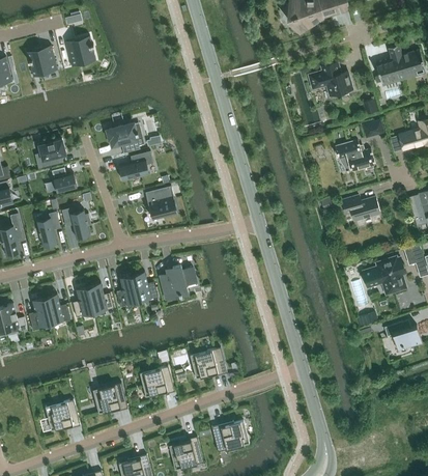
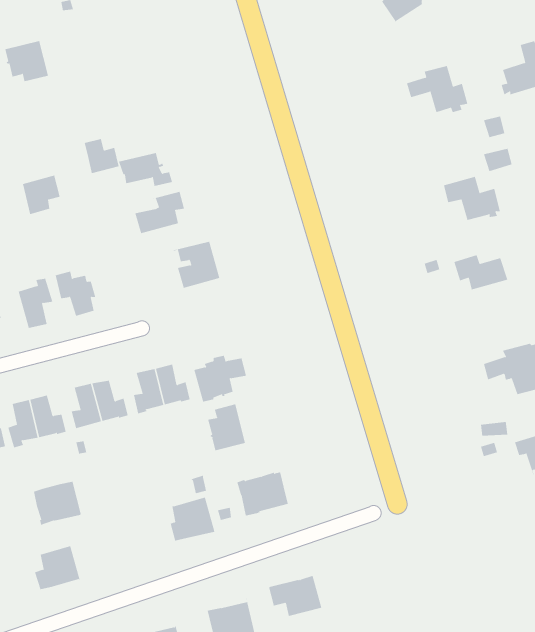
building: [64,36,95,67] -> none
building: [51,168,76,193] -> [84,138,119,174]
building: none -> [208,404,245,451]
building: [92,384,126,415] -> [33,481,82,525]

